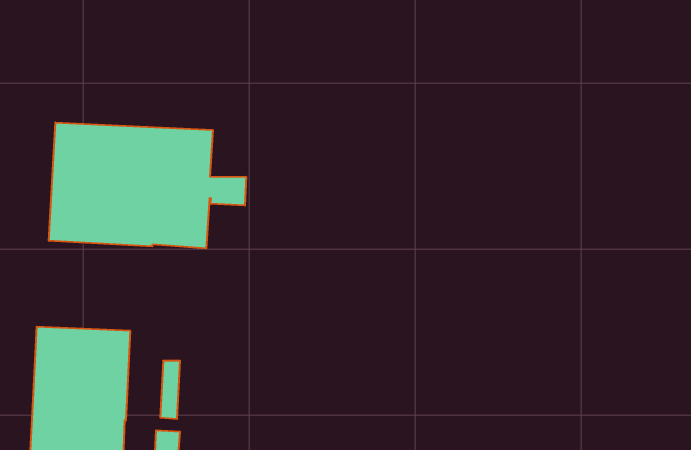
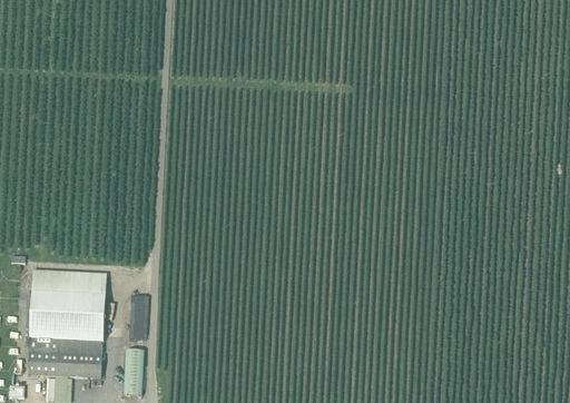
building: [49,122,246,248] -> none

